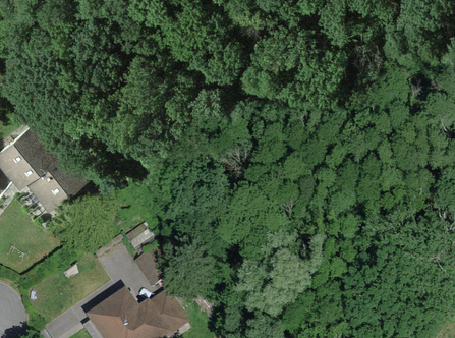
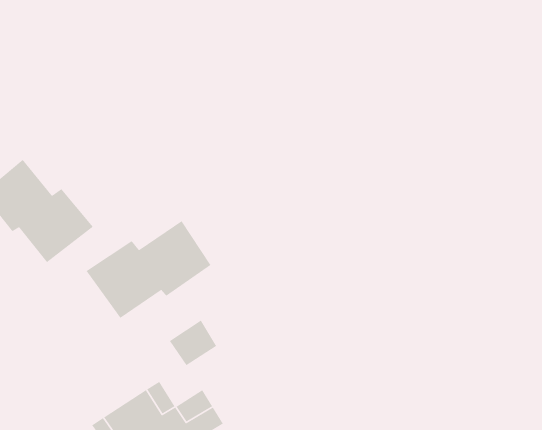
building: none -> [86,220,211,319]

